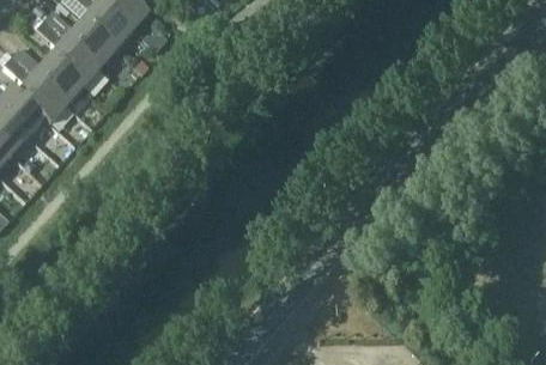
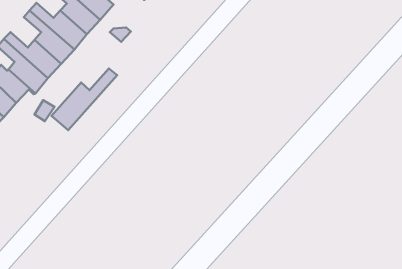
building: none -> [51,69,117,130]

